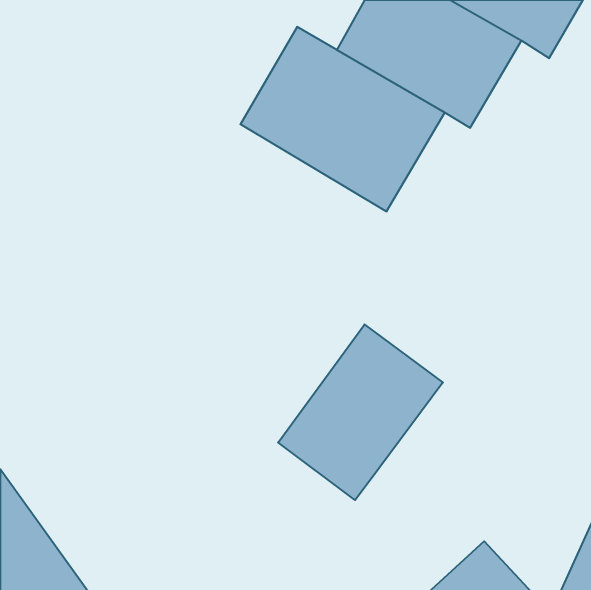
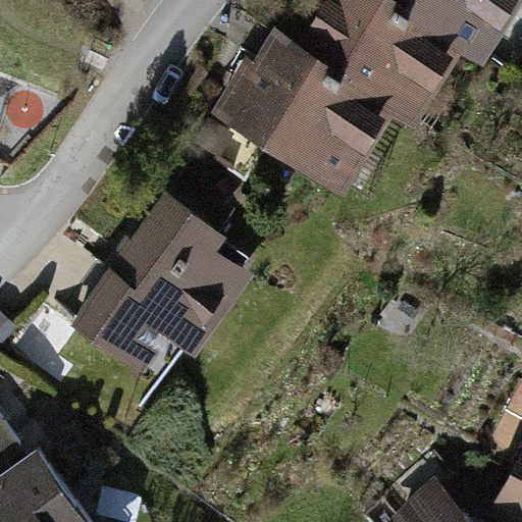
building: none -> [80,200,250,373]
building: [278,324,443,500] -> none

